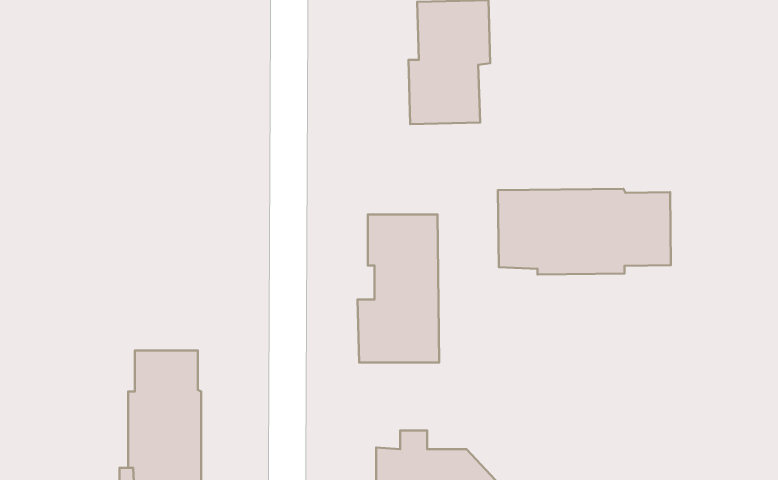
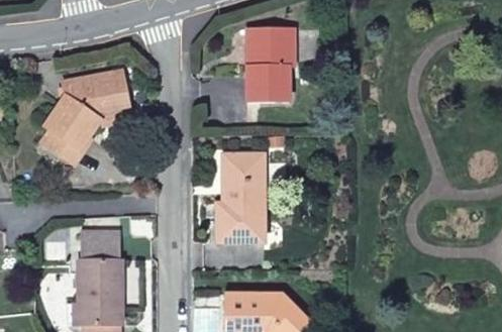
building: none -> [40,69,127,160]
building: [498,189,671,275] -> none

